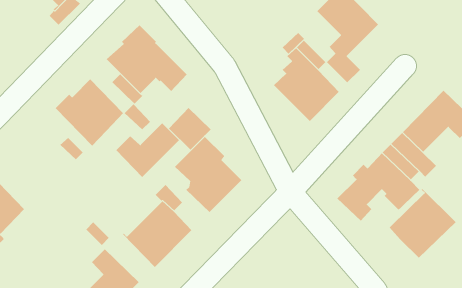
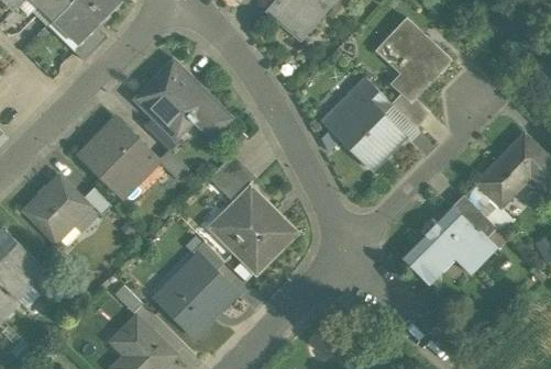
building: [115,122,180,178] -> none
building: none -> [24,176,91,244]
building: [389,188,456,258] -> none

